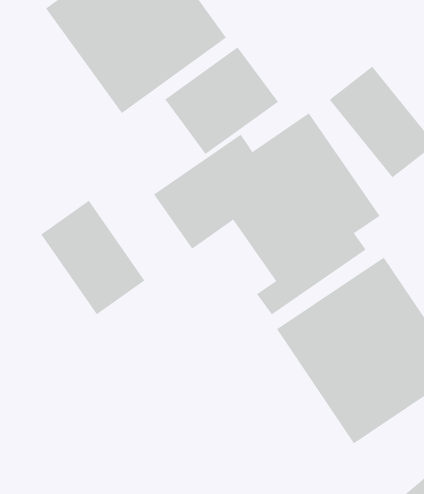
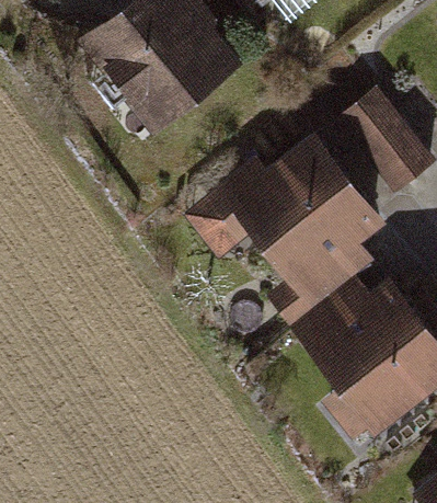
building: [165,47,279,155] -> none
building: [41,200,145,315] -> none

